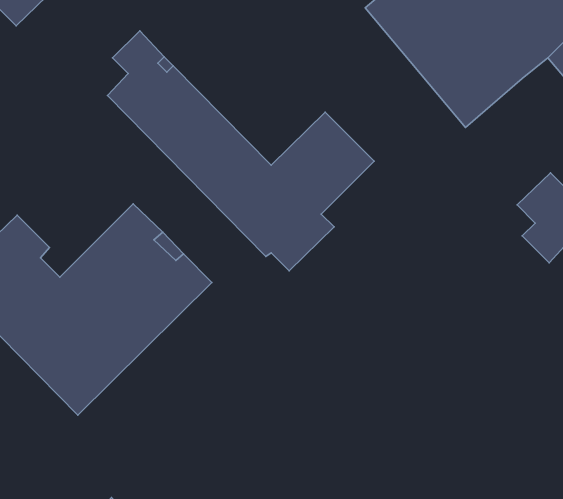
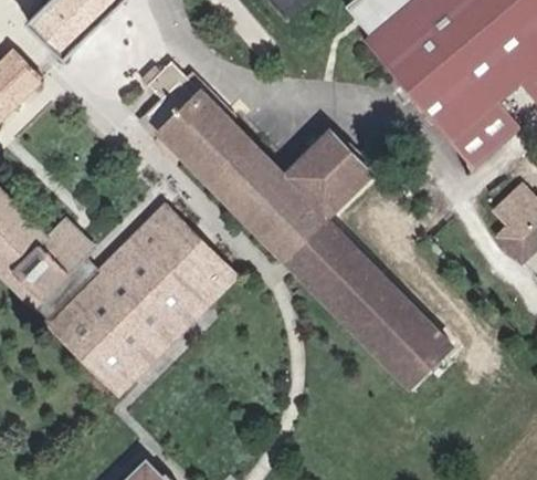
building: none -> [451,102,520,169]
building: none -> [296,229,453,387]

